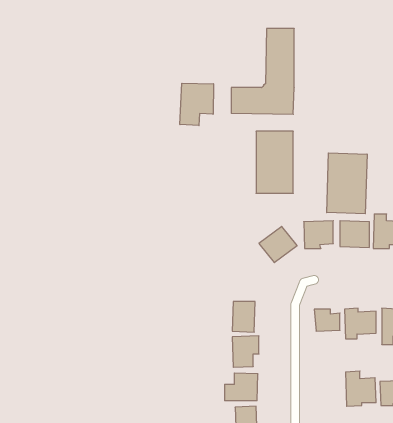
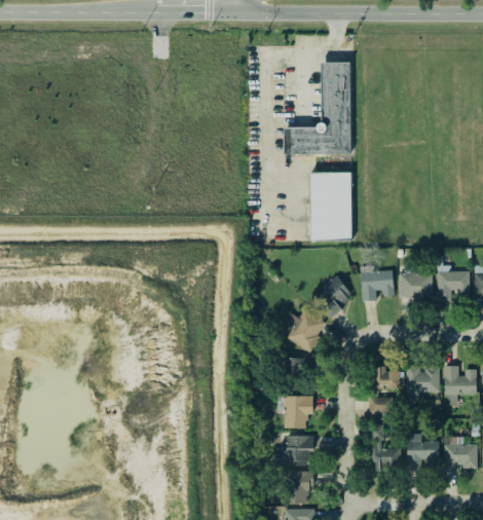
building: [180,83,213,126] -> none
building: [327,153,367,214] -> none
building: none -> [285,310,326,350]
building: none -> [370,398,401,469]

